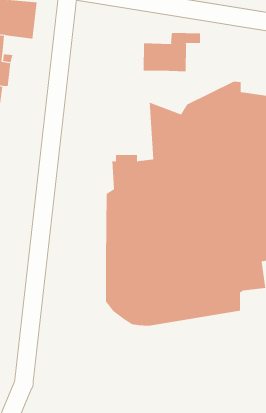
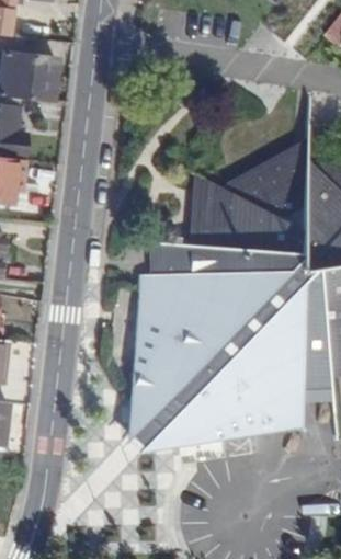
building: [143,32,201,72] -> none

